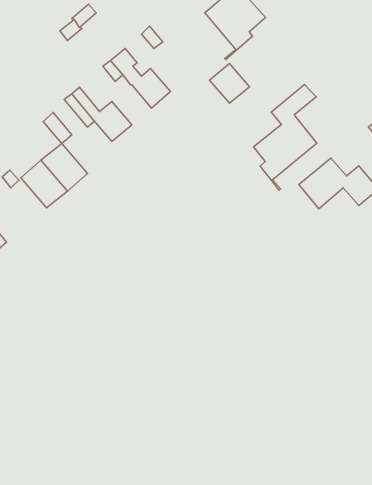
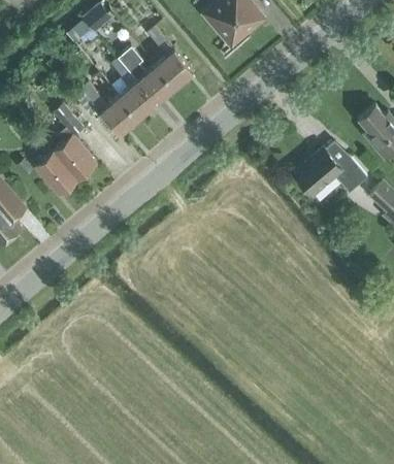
building: [210,63,249,103] -> [155,49,192,87]
building: [253,84,317,190] -> none
building: none -> [119,80,156,118]

